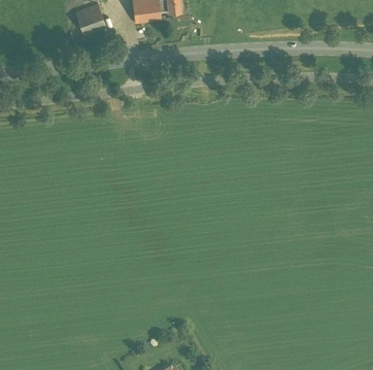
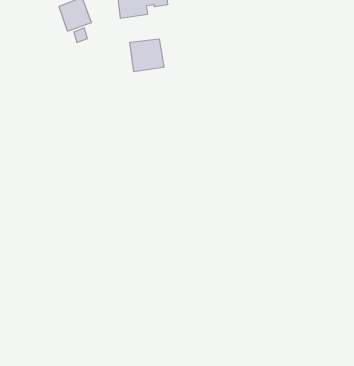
building: none -> [130,39,164,72]

